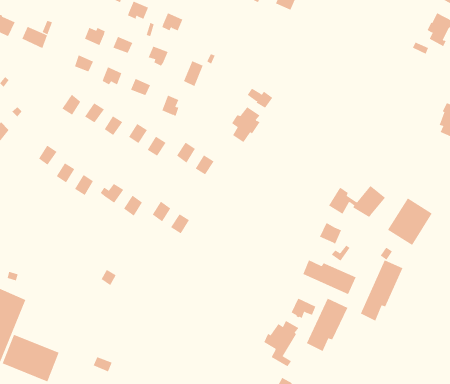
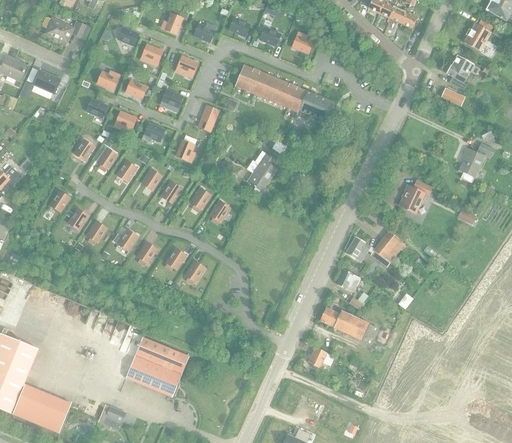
building: none -> [234,63,334,122]
building: none -> [399,180,430,212]
building: [387,198,433,246] -> none
building: [360,259,403,321] -> none
building: none -> [125,336,188,396]
building: [306,298,348,352] -> none
building: [263,320,299,367] -> none

